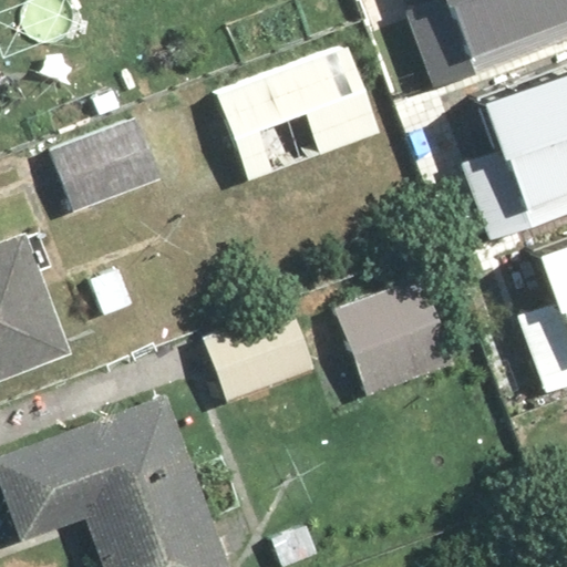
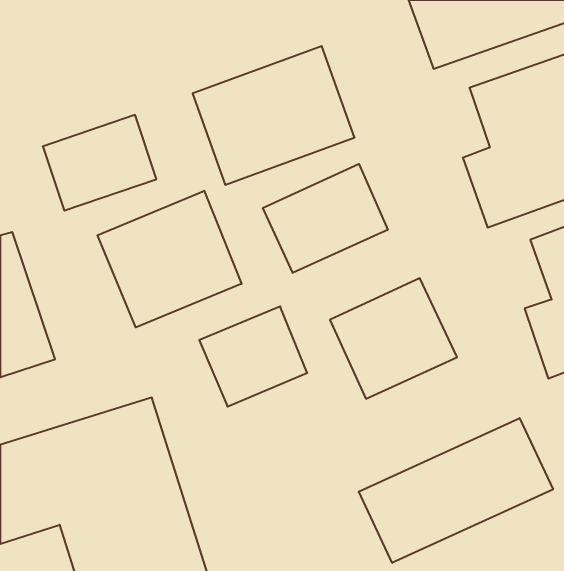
building: none -> [263,164,388,273]
building: none -> [97,191,242,327]
building: none -> [359,418,553,563]

